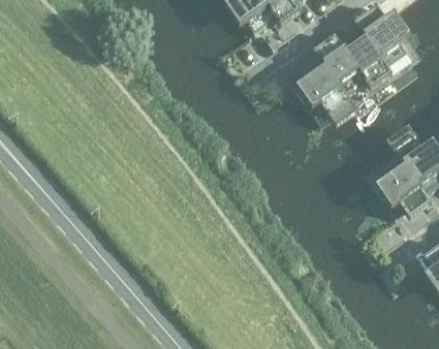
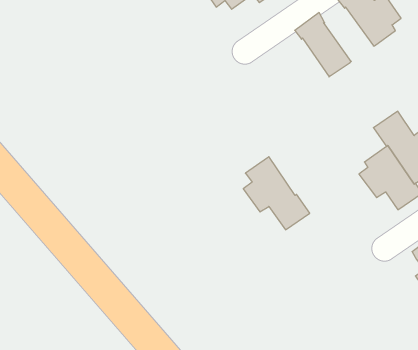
building: [341,26,394,86] -> none
building: [297,55,359,123] -> [243,157,310,230]

